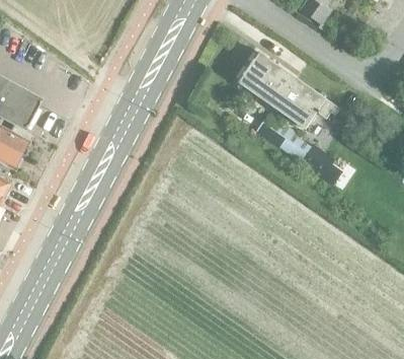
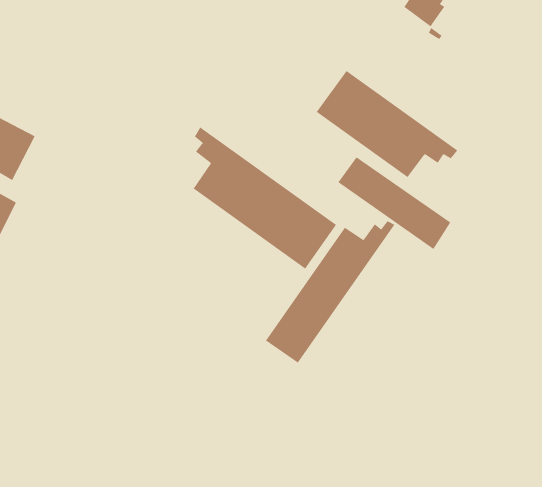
building: none -> [193,126,337,269]
building: none -> [265,220,395,363]

